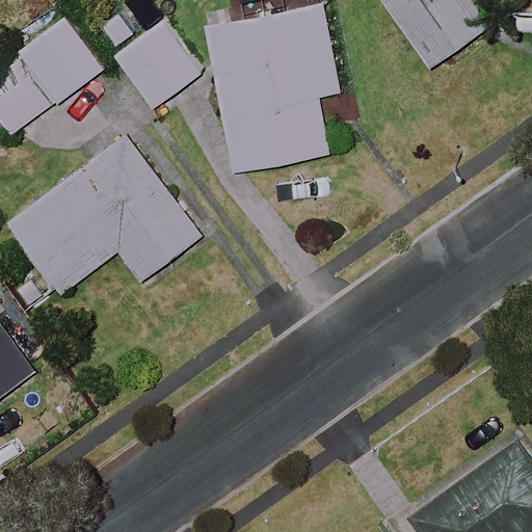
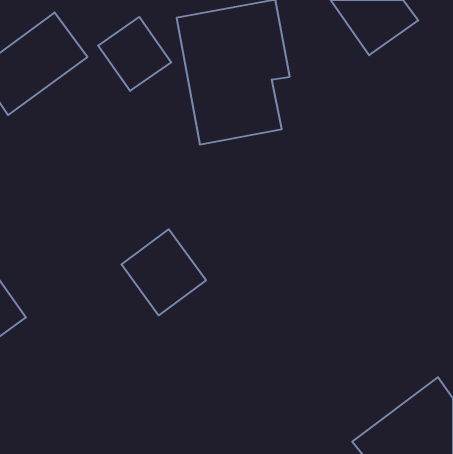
building: [8,136,200,293] -> none
building: none -> [121,229,206,315]

